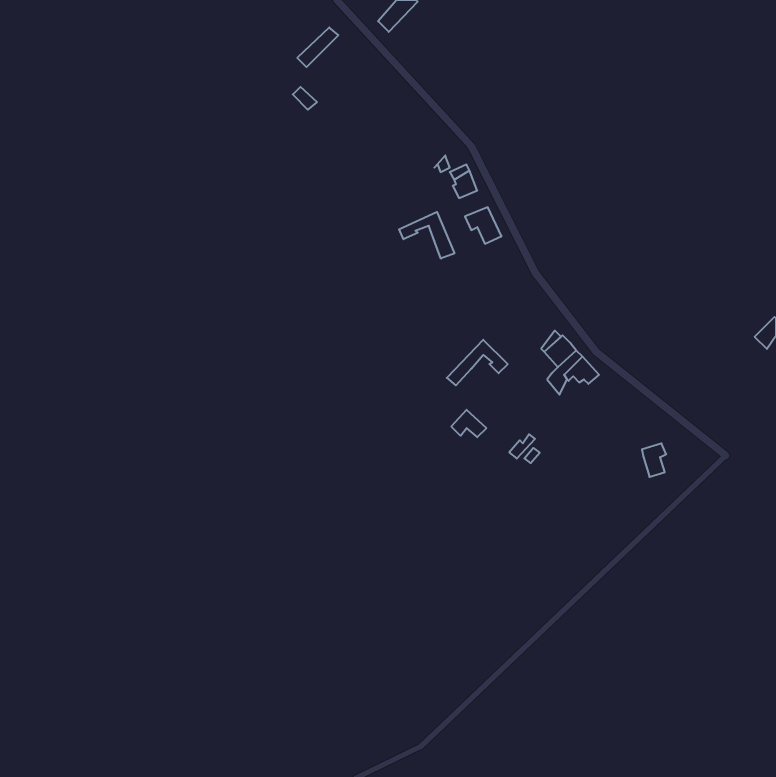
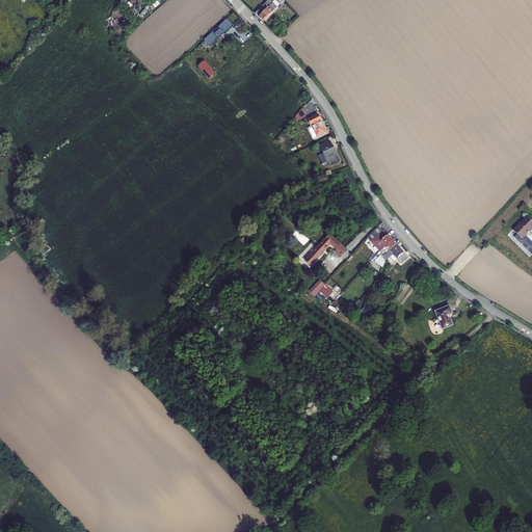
building: [399,212,454,259] -> none

